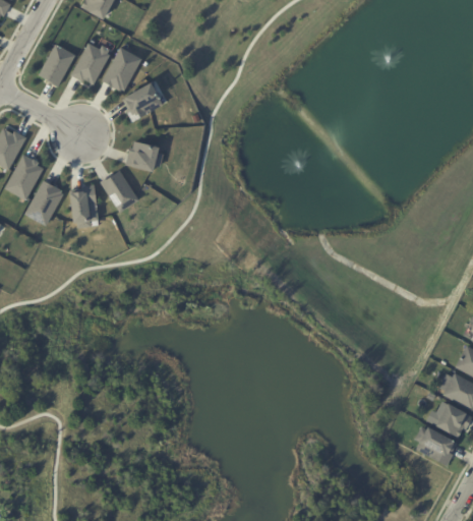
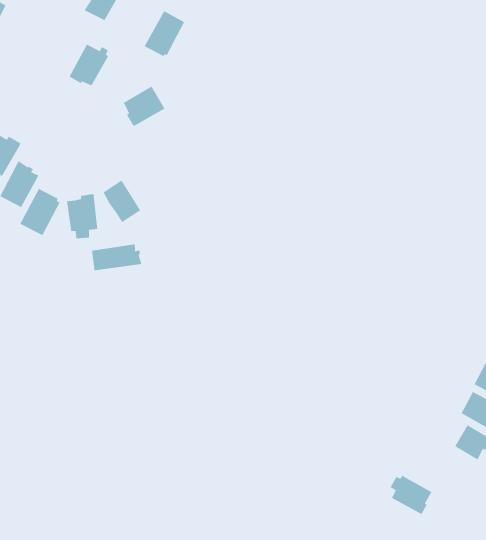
building: [38,43,75,84] -> none
building: [101,46,140,91] -> [144,10,185,57]
building: [128,141,164,171] -> none
building: none -> [91,244,142,271]
building: [416,426,457,465] -> [390,475,432,515]

